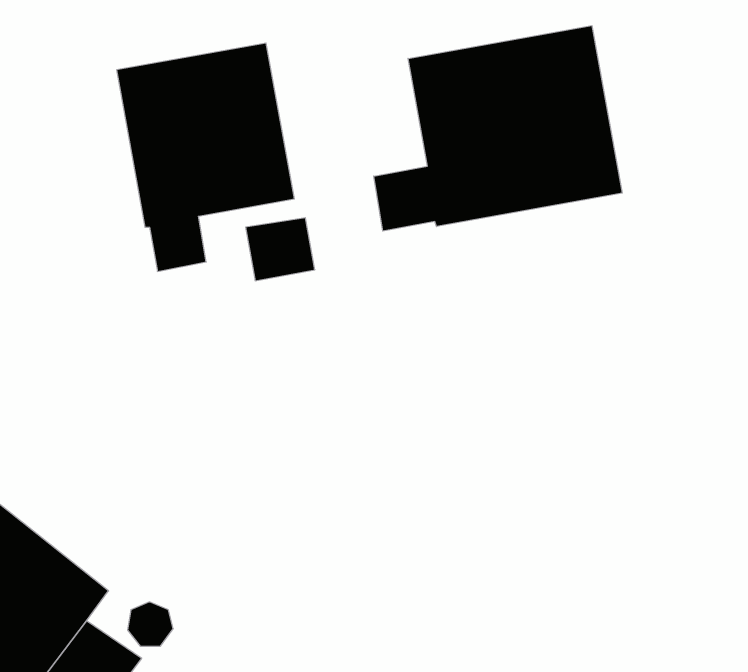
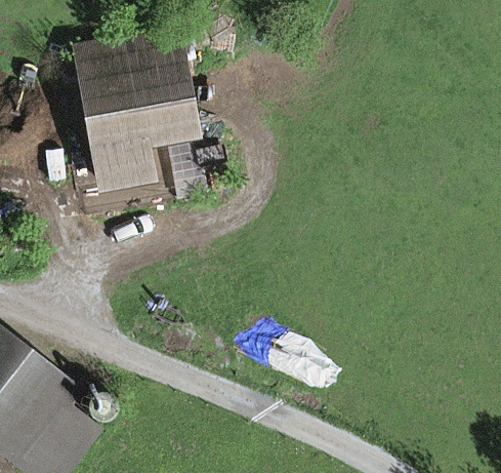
building: [374,26,622,231] -> none

